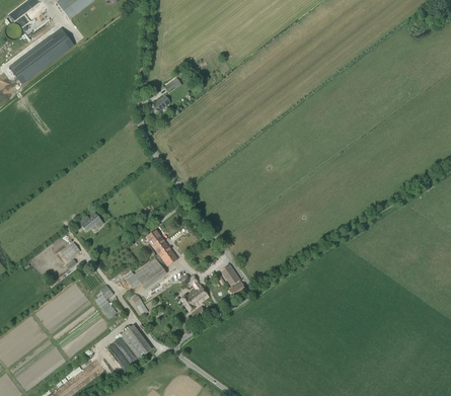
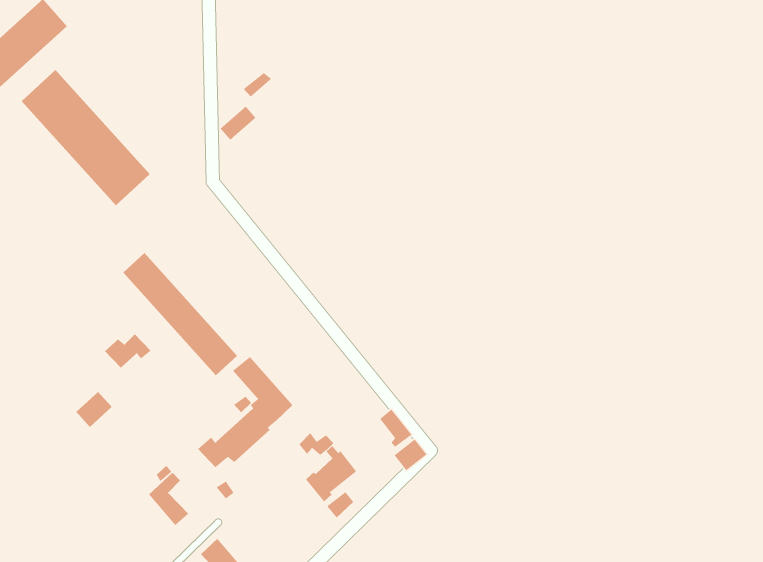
building: none -> [21,69,151,206]
building: none -> [123,252,238,376]

